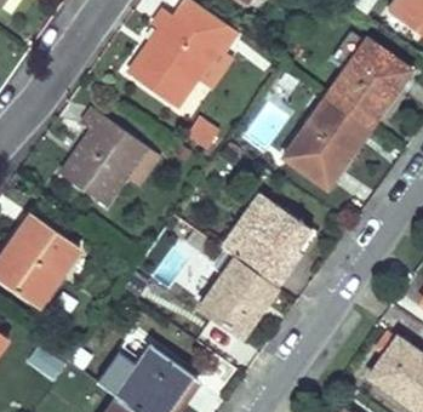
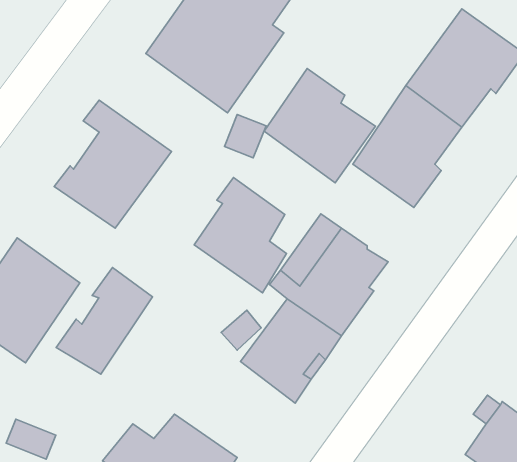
building: none -> [264,69,375,183]
building: none -> [194,178,287,293]
building: none -> [56,267,153,374]

